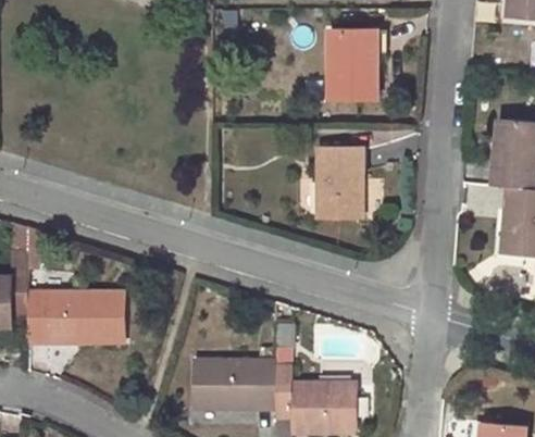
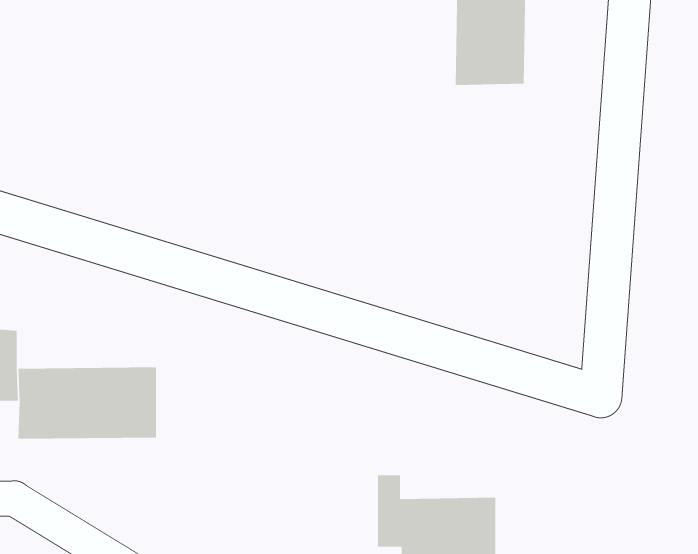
building: [318,148,361,217] -> none
building: [192,362,274,408] -> none

